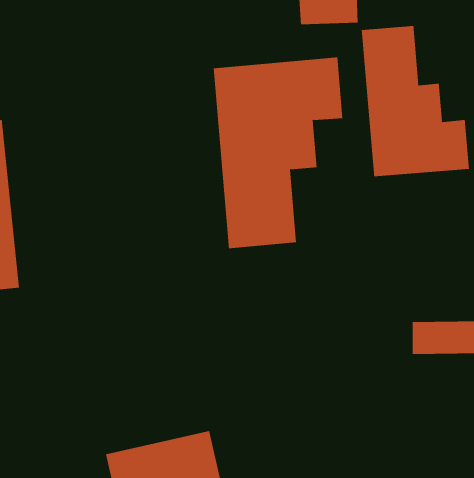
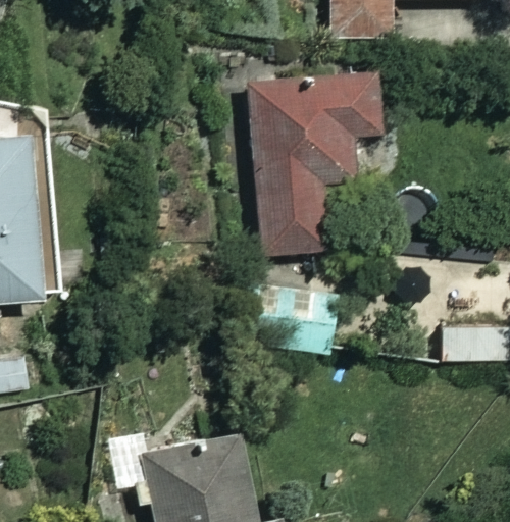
building: [361,25,469,177] -> none

